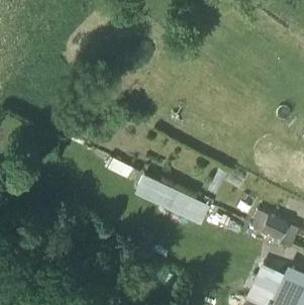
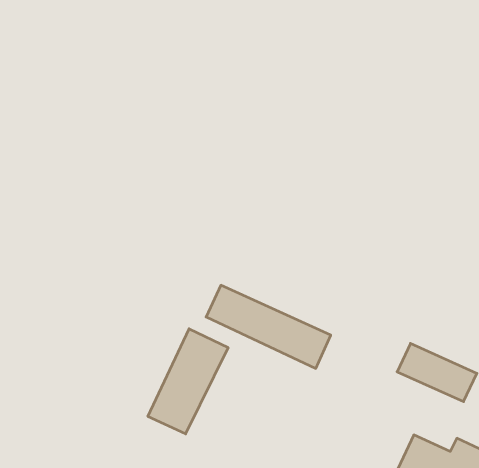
building: none -> [148,329,228,434]

